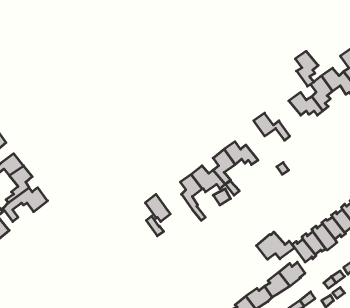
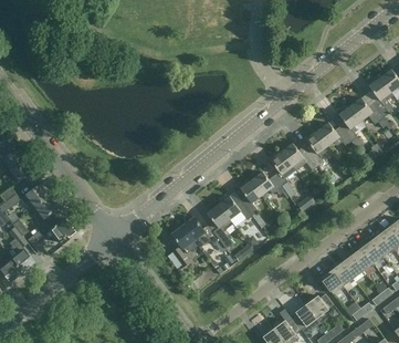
building: [295,51,318,86] -> [305,131,328,166]
building: none -> [270,150,294,195]
building: none -> [182,217,219,245]
building: [256,232,295,259] -> none

